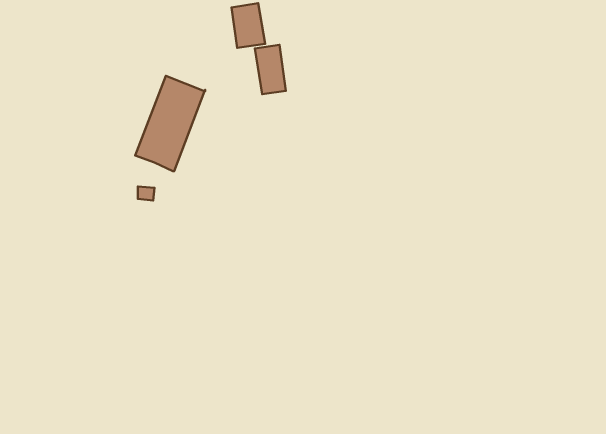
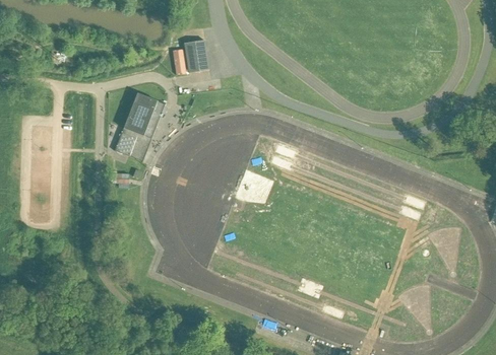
building: [255,45,286,94] -> none

